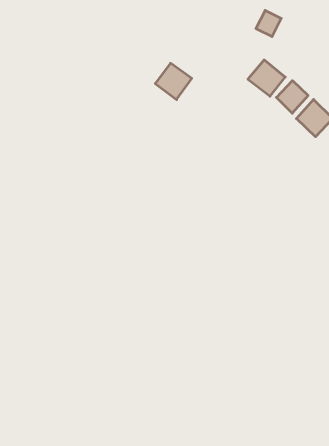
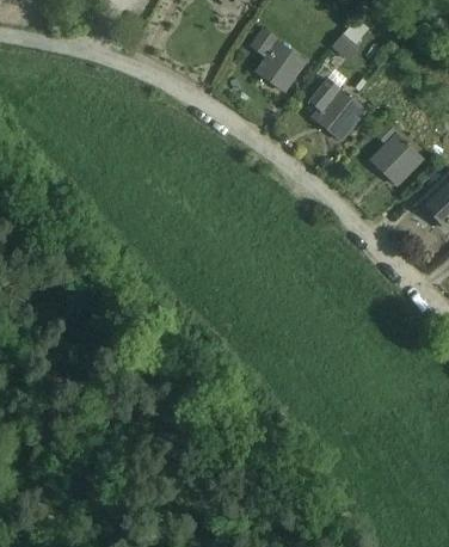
building: [155,63,192,100] -> [260,44,303,87]
building: [276,81,308,113] -> none

